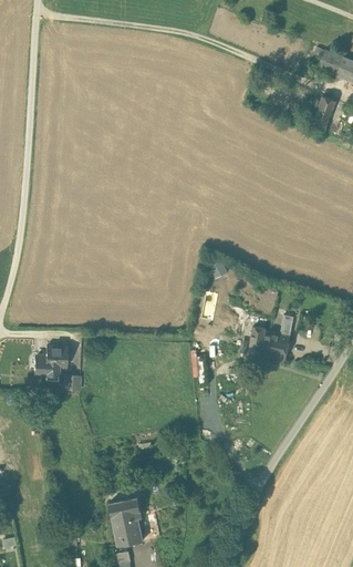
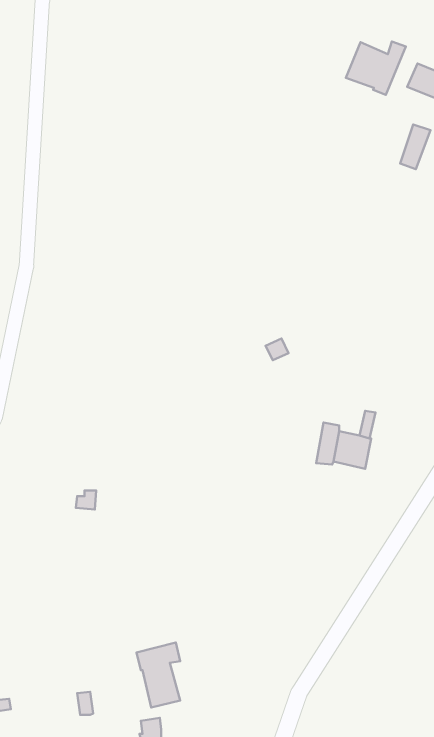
building: none -> [346,42,406,95]
building: [34,347,68,375] -> none

